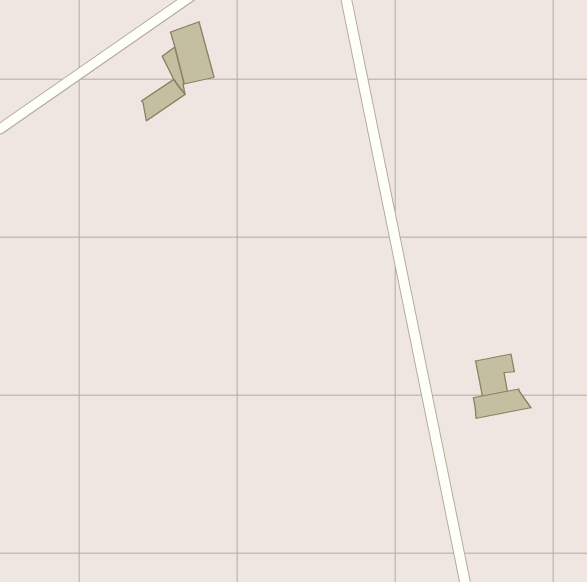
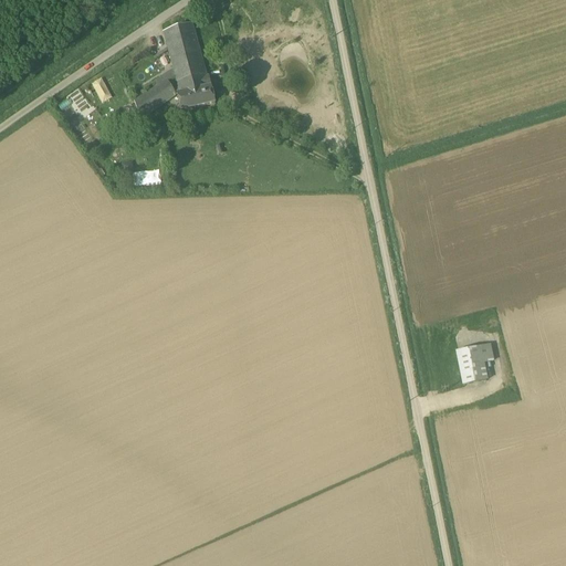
building: none -> [177,73,217,107]
building: [474,389,531,418] -> none

